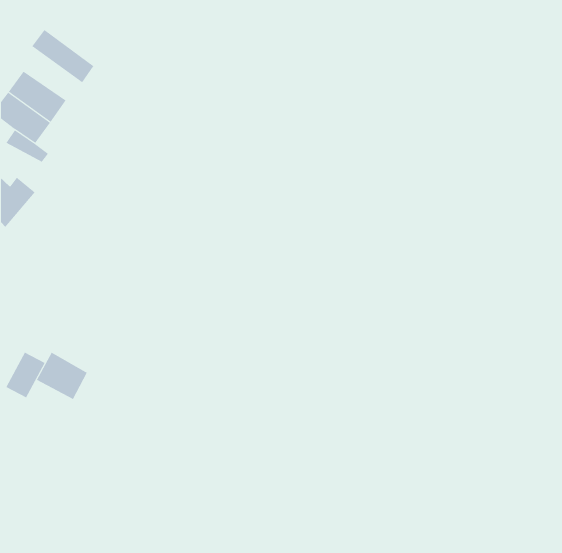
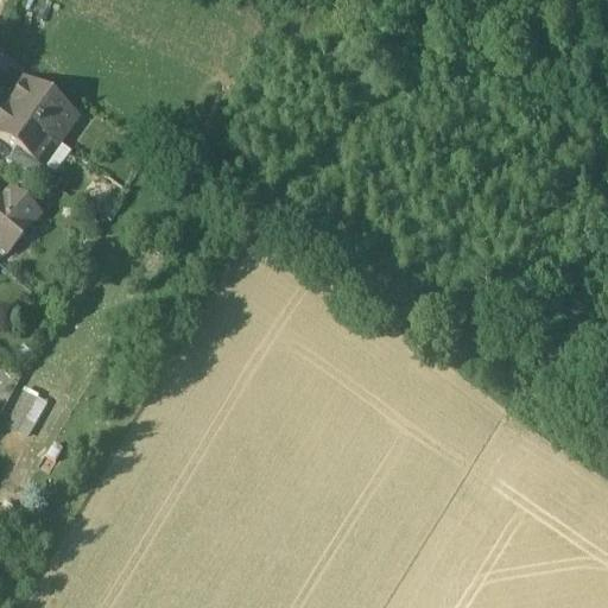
building: [31,29,94,83] -> none
building: [36,352,88,400] -> none

